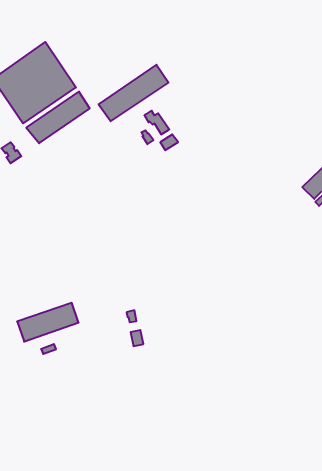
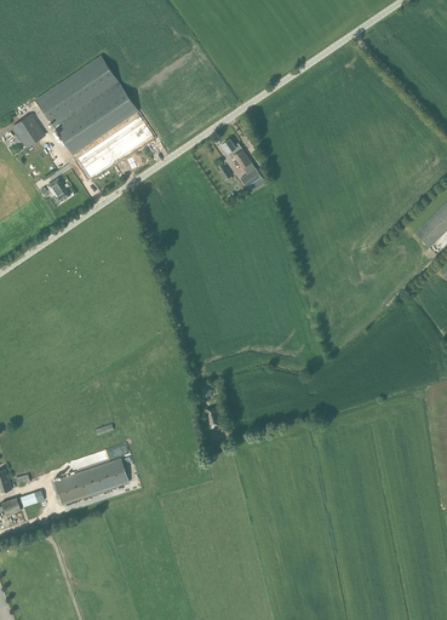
building: [99,65,168,121] -> none
building: [17,303,79,342] -> [55,458,130,505]

